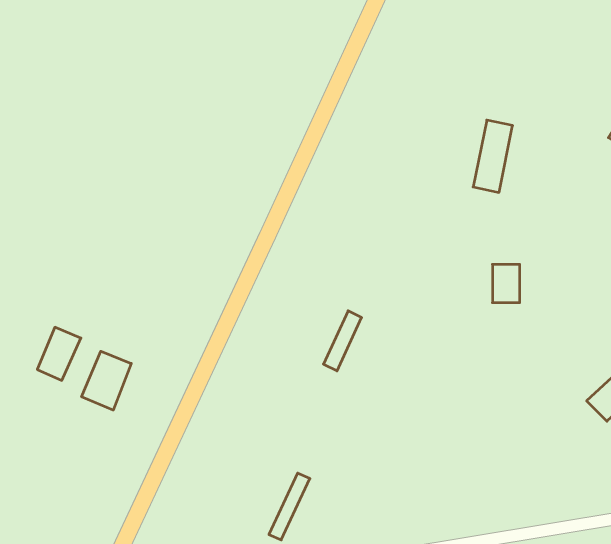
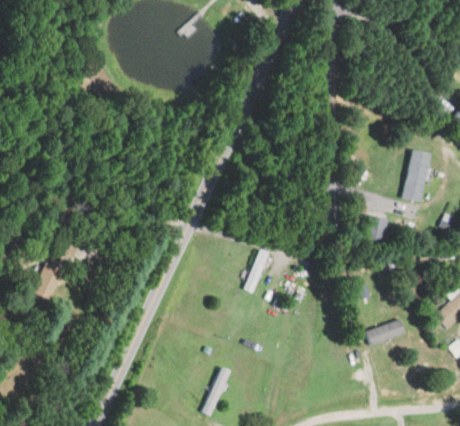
building: [473,120,513,192] -> [403,149,432,202]
building: [82,351,131,410] -> none
building: none -> [366,319,408,348]

